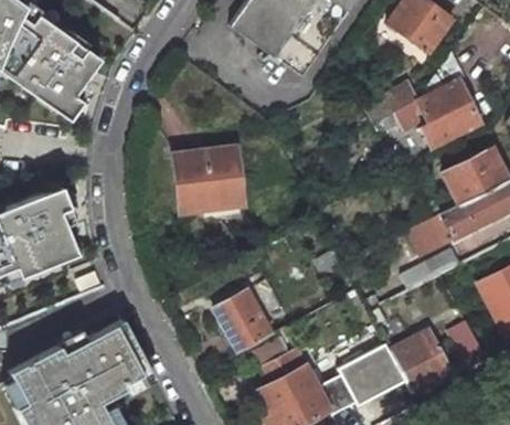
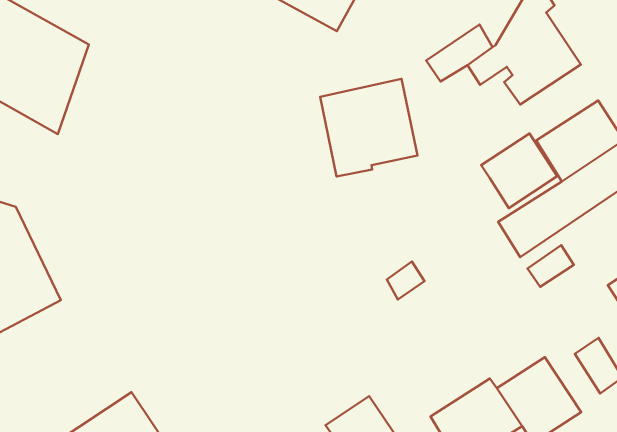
building: [173,145,240,211] -> [320,79,417,177]
building: none -> [481,133,557,208]
building: [216,291,272,353] -> none

